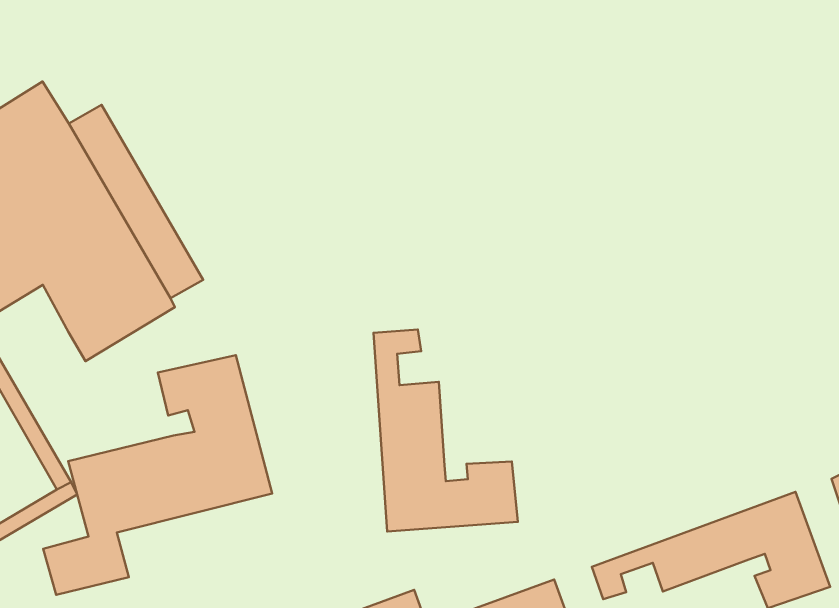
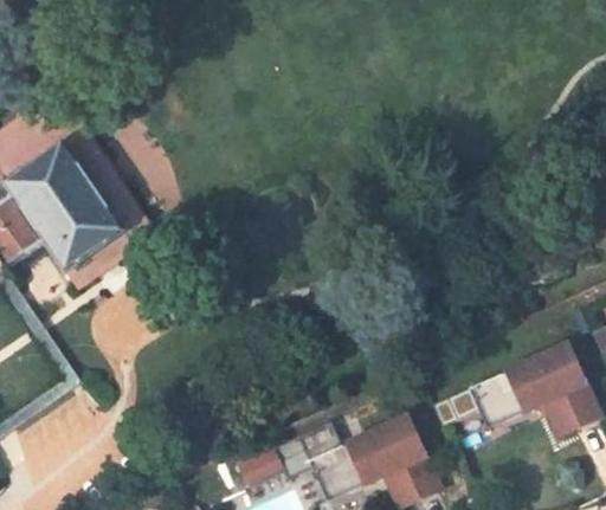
building: [374,329,518,531] -> none
building: [43,355,272,595] -> none

